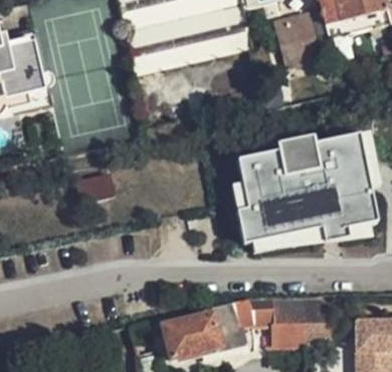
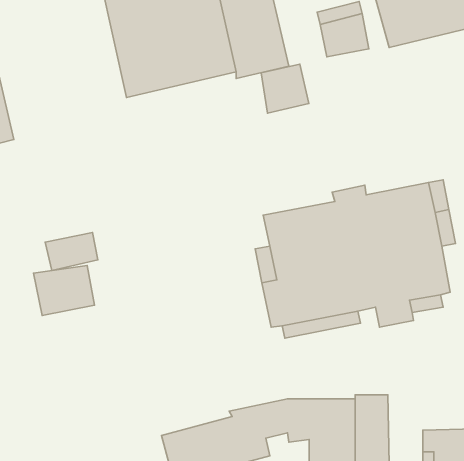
building: none -> [261,64,309,113]
building: none -> [34,266,94,315]

